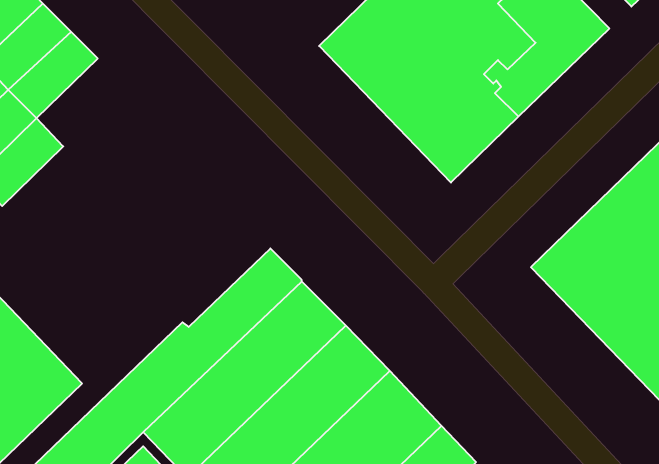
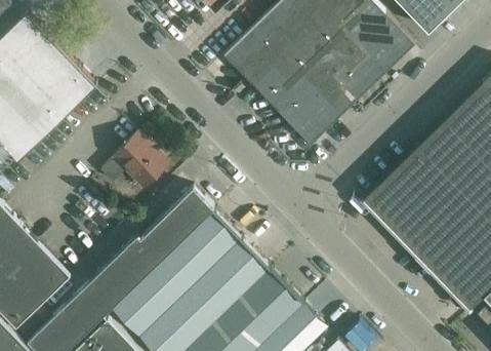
building: none -> [40,64,97,121]
building: none -> [99,132,169,188]

